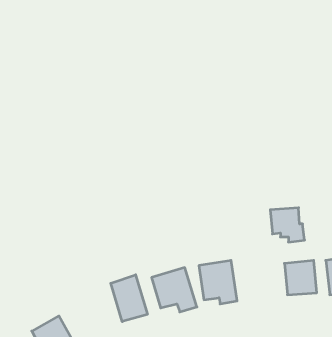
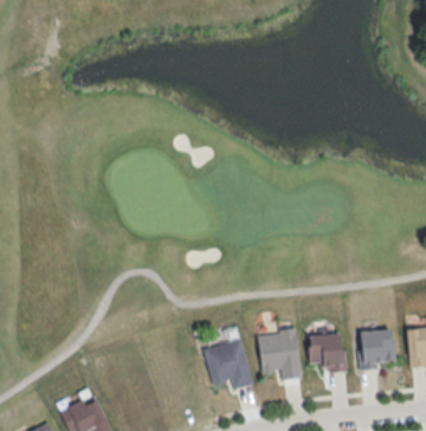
building: [270,208,305,242] -> [308,333,348,373]
building: [111,275,147,322] -> none

